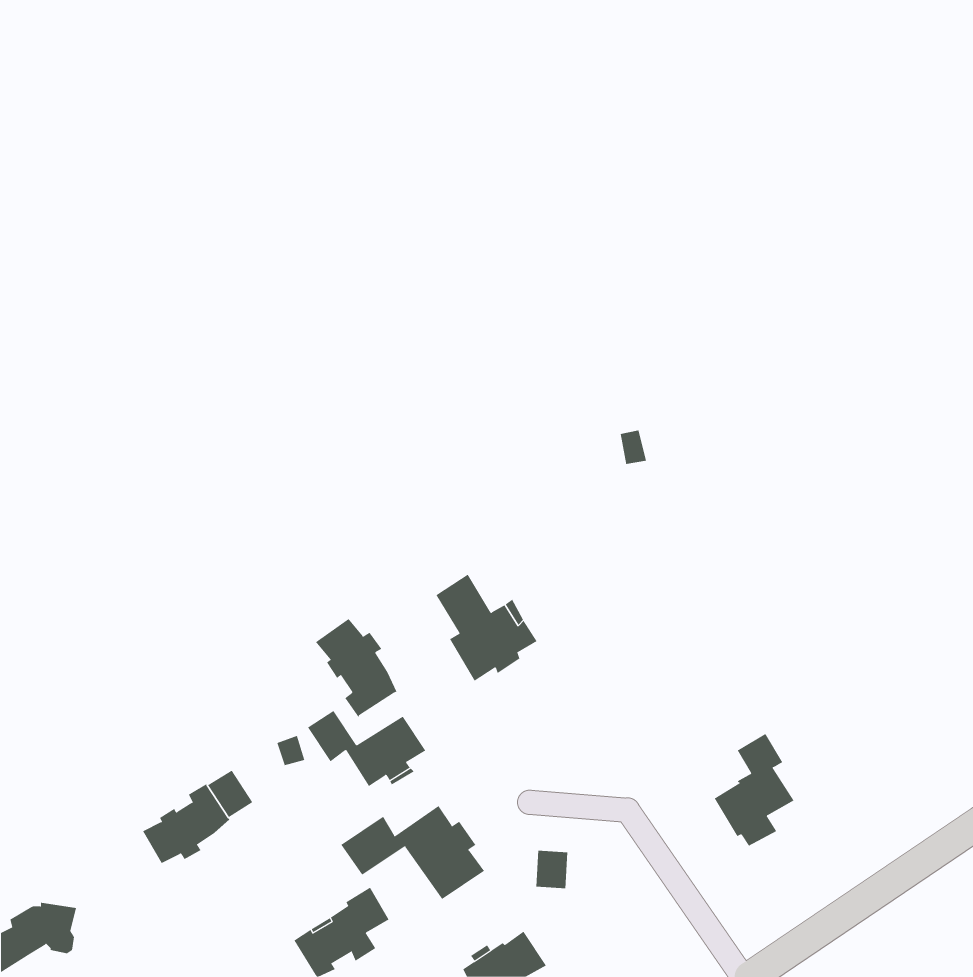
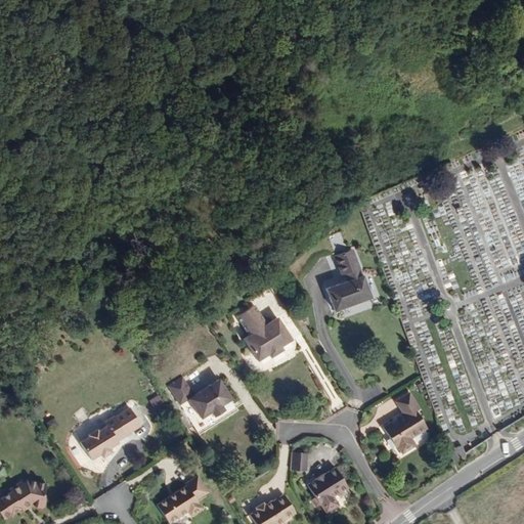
building: none -> [325,248,369,309]
building: [315,618,397,718] -> none
building: [341,805,485,900] -> none
building: none -> [308,469,348,516]

